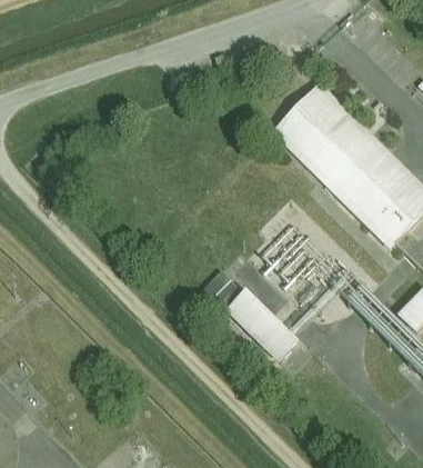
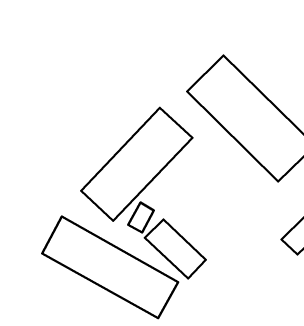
building: none -> [81,108,193,221]
building: none -> [42,217,178,318]

